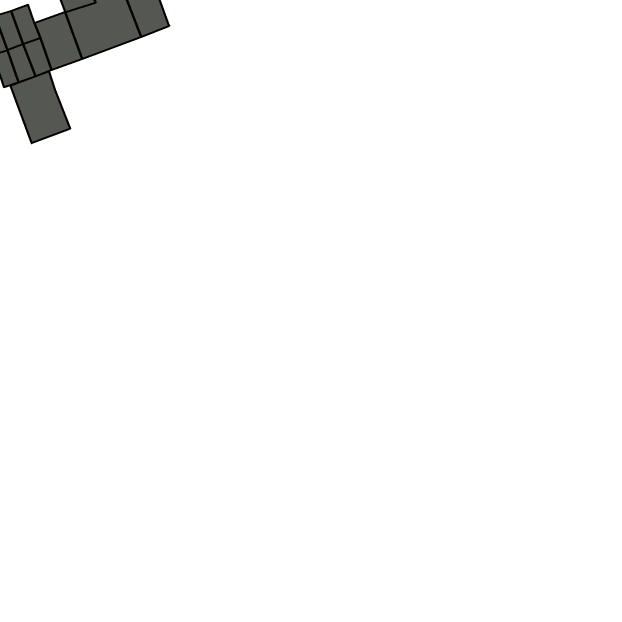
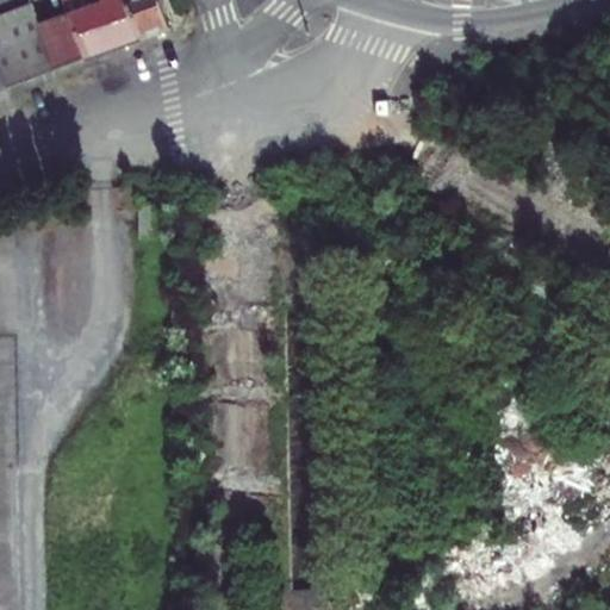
building: [11,71,70,143] -> none

